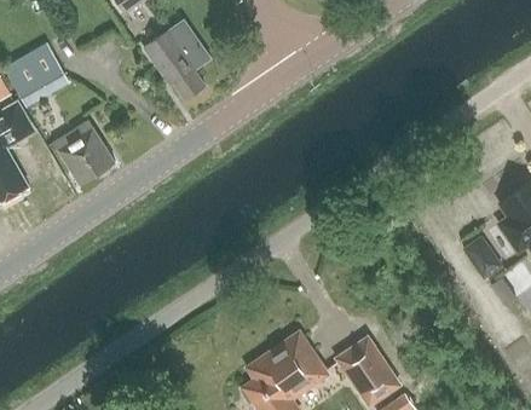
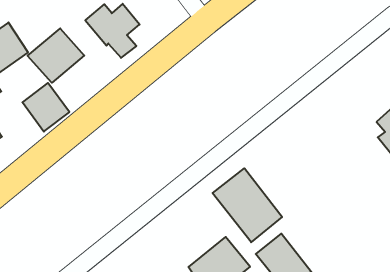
building: none -> [28,28,84,83]
building: none -> [213,168,282,242]

